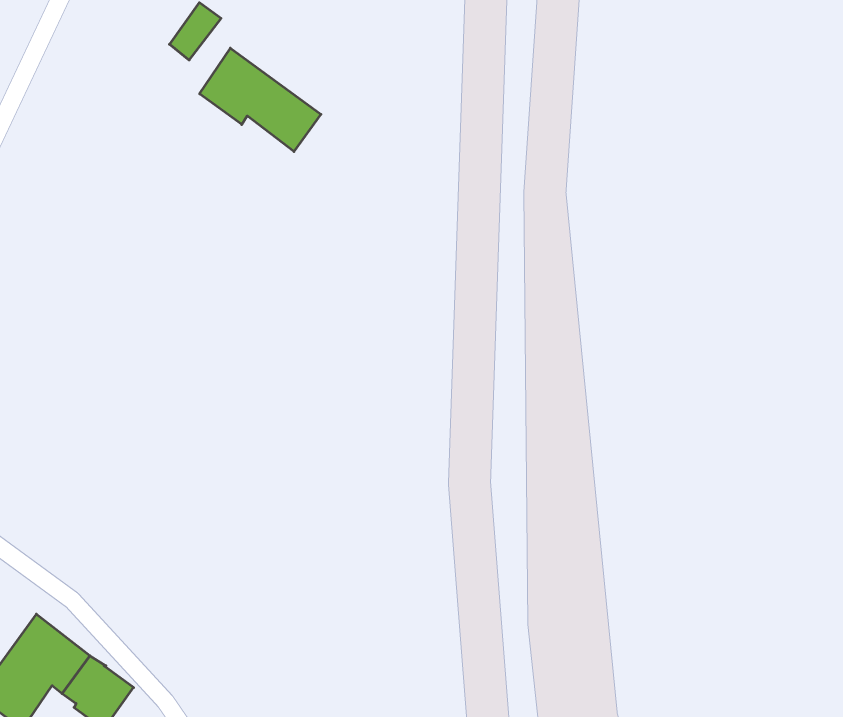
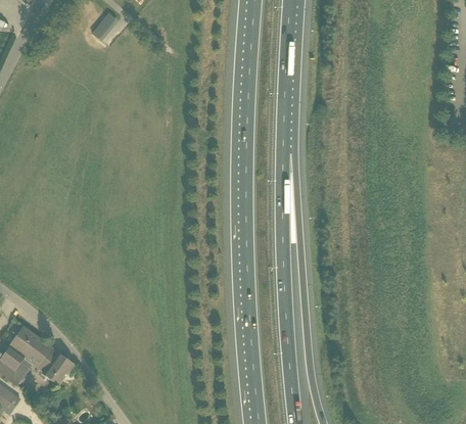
building: [200,48,321,152] -> none

